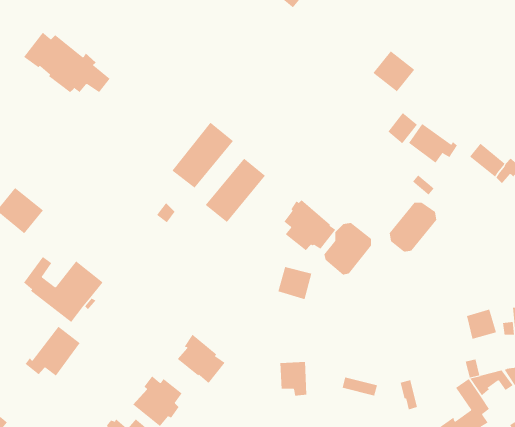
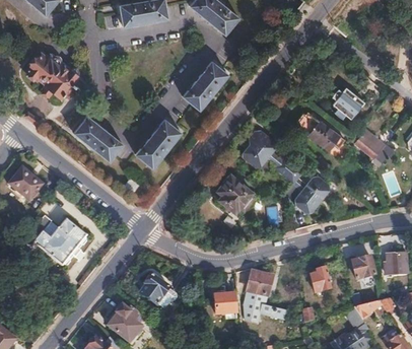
building: [372,51,415,92] -> [332,88,363,119]
building: none -> [74,116,123,160]
building: [205,158,266,223] -> [184,62,228,110]
building: [323,222,372,275] -> [242,130,277,168]
building: [278,267,312,300] -> [248,272,273,296]
building: none -> [308,265,330,293]
building: [25,326,81,377] -> none

